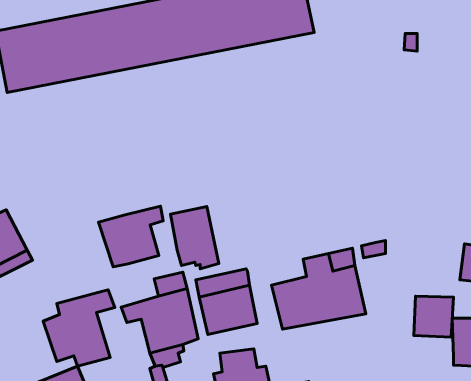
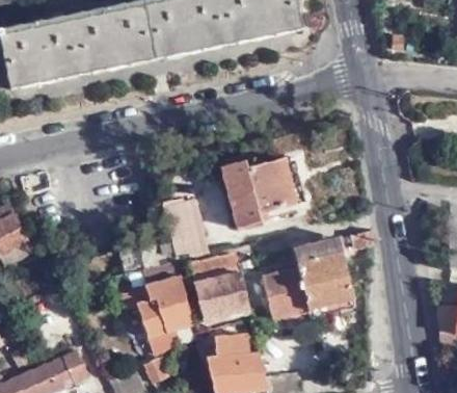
building: none -> [225,157,298,228]
building: [99,206,163,267] -> none
building: [43,290,115,366] -> none
building: [414,296,454,337] -> none

